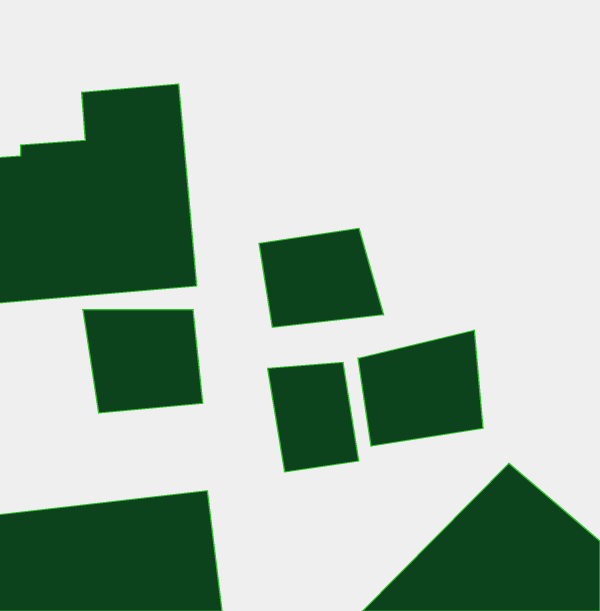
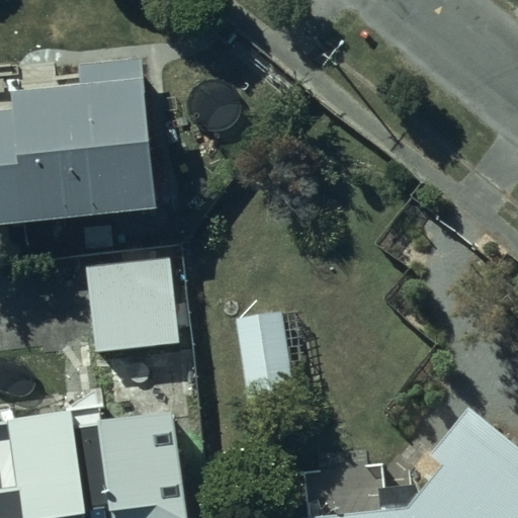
building: [259,228,384,327] -> none
building: [358,330,483,446] -> none

